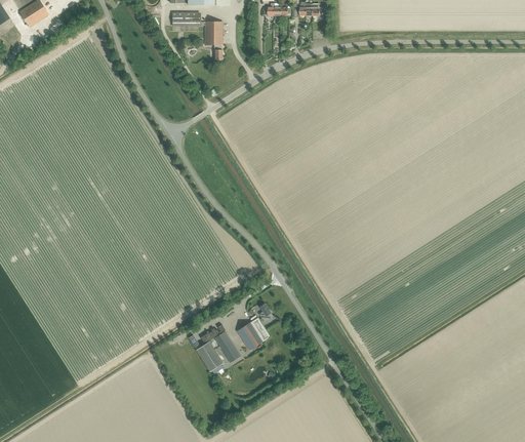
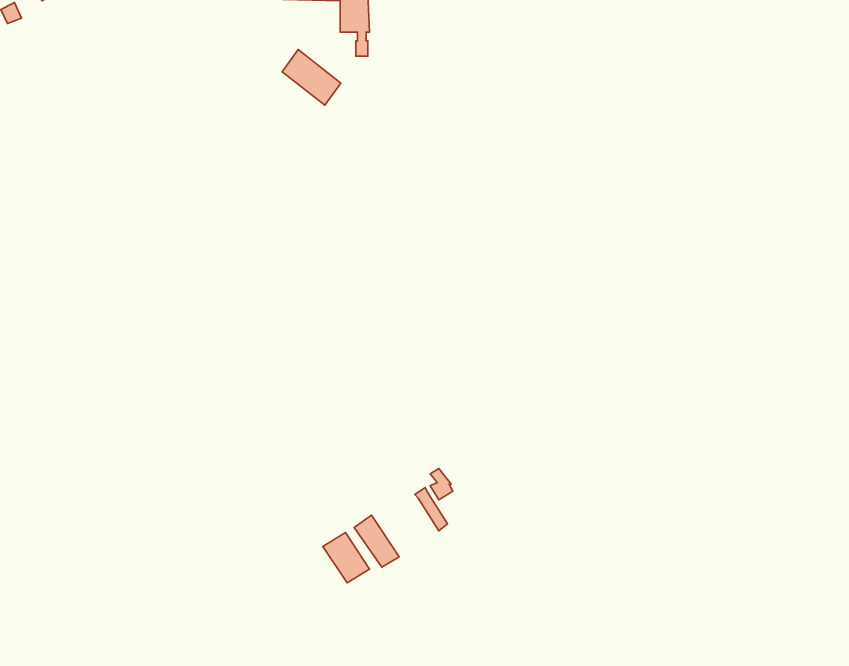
building: none -> [282,50,341,105]
building: [236,320,264,349] -> none

